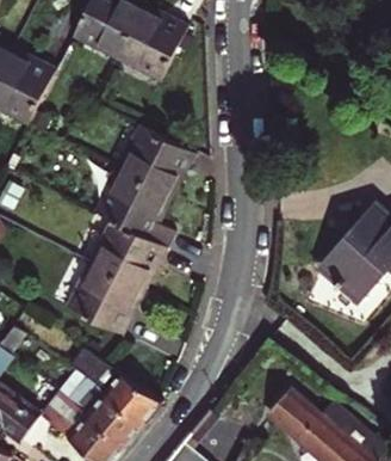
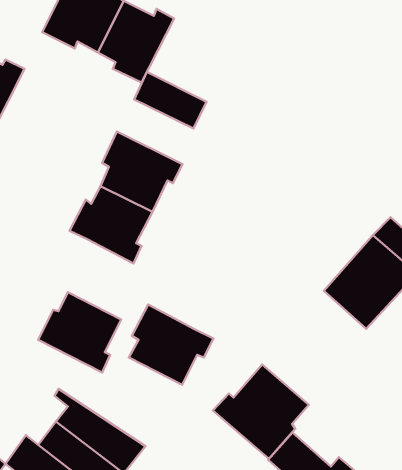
building: none -> [134,72,207,128]
building: [93,219,167,289] -> [129,305,213,385]
building: none -> [213,365,309,459]

